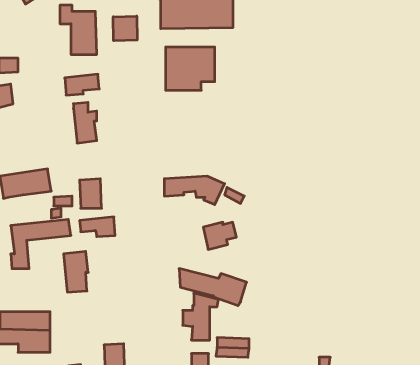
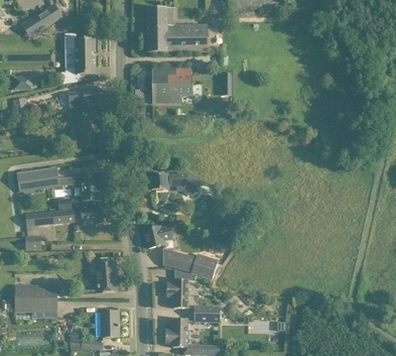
building: [113,16,137,41] -> none
building: [203,222,236,249] -> [143,226,170,248]
building: [64,251,88,292] -> [95,258,115,291]

